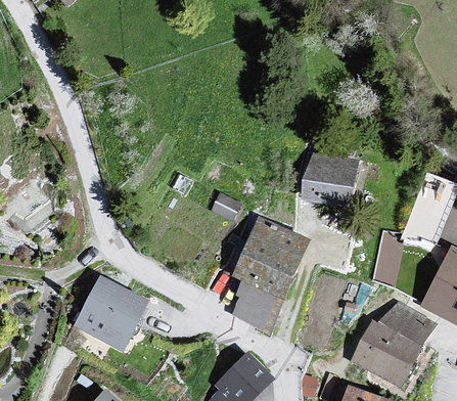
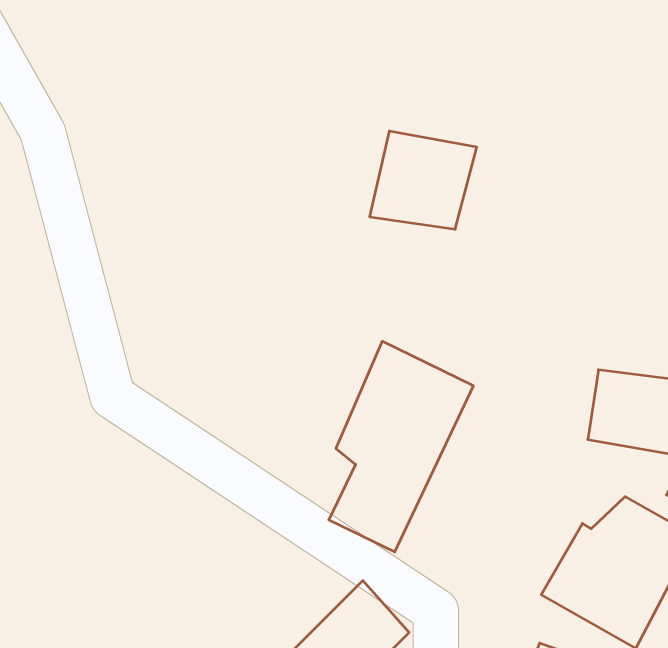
building: [302,149,363,206] -> [370,131,477,229]
building: [73,273,151,354] -> none

